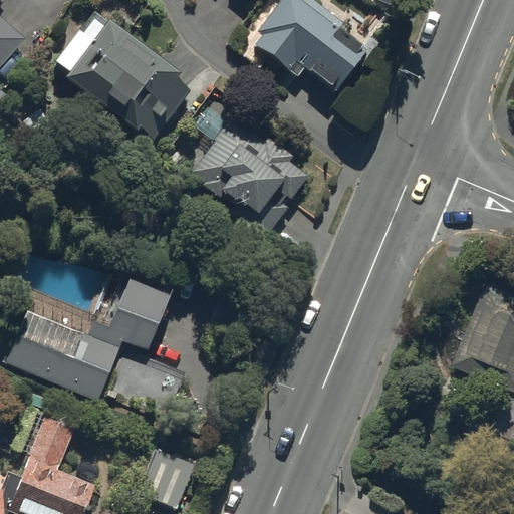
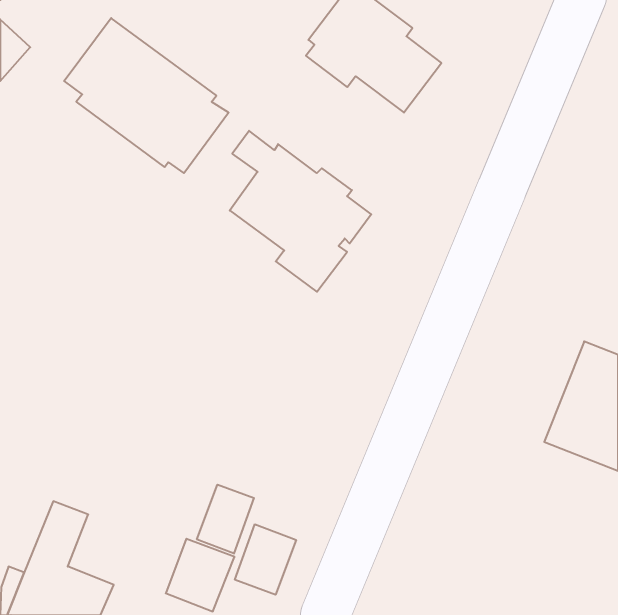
building: [6,275,171,398] -> none
building: none -> [197,485,254,554]
building: none -> [235,524,296,595]

